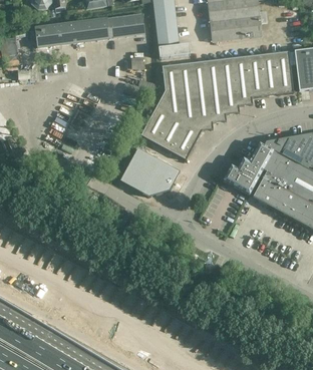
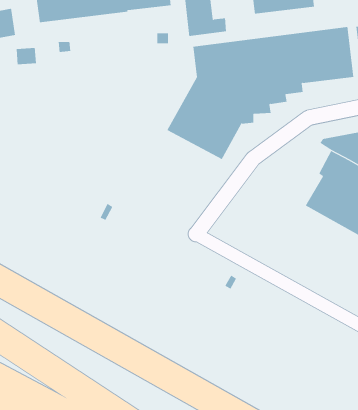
building: [223,142,274,194] -> none
building: [119,147,180,196] -> none

